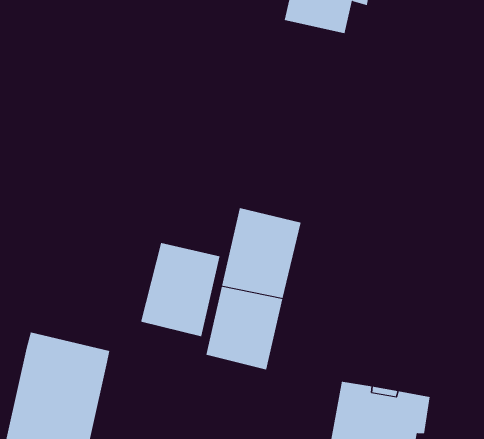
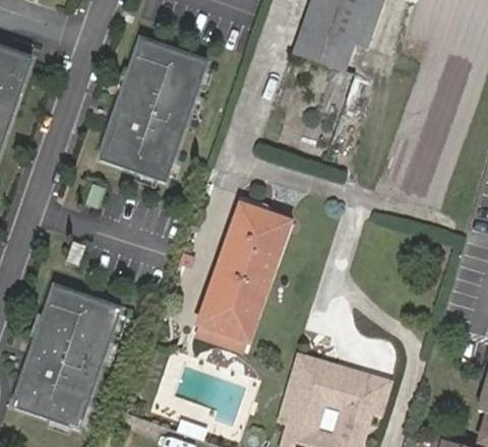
building: none -> [99,41,206,182]
building: [141,242,220,337] -> none

